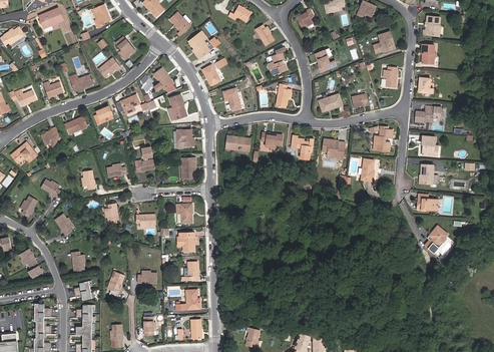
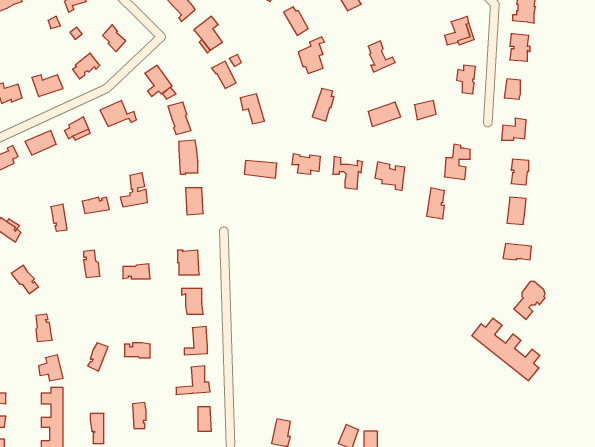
building: none -> [472,318,540,381]

